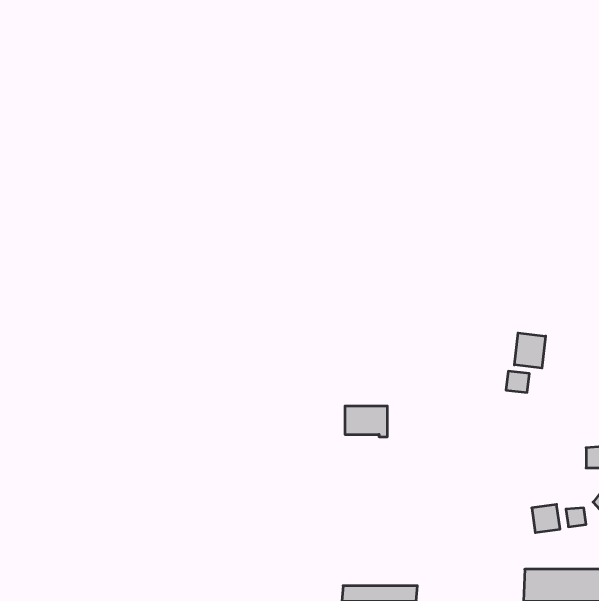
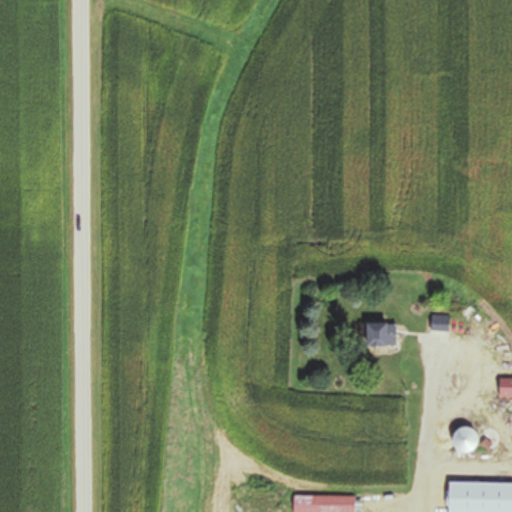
building: [514,333,546,368] -> none
building: [345,406,387,437] -> [363,324,399,350]

